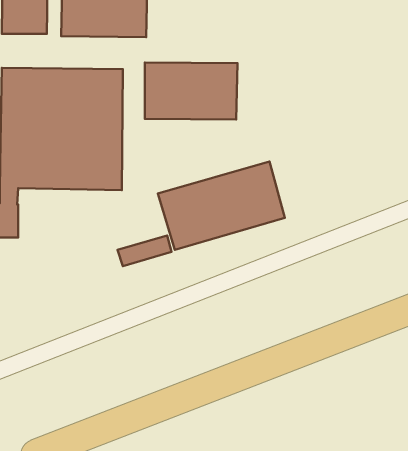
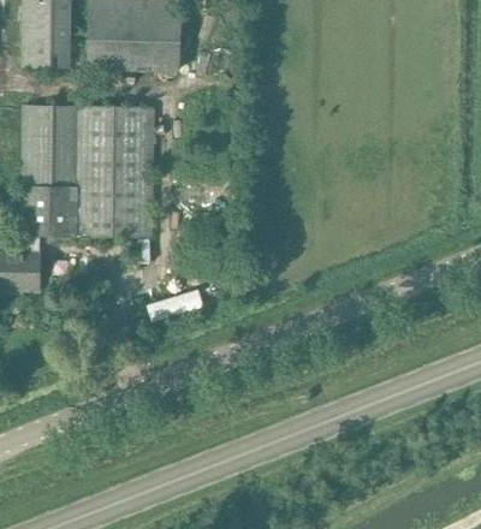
building: [145,62,237,120] -> none
building: [158,161,285,250] -> none

